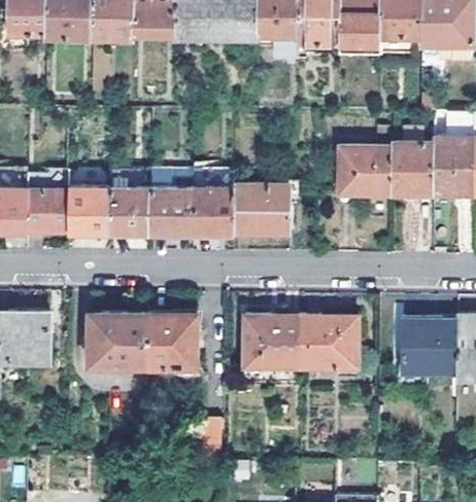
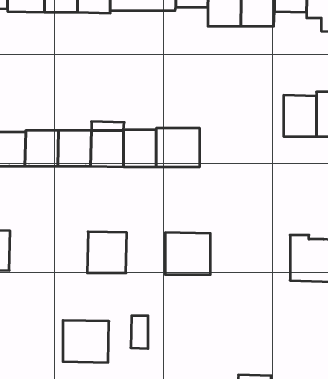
building: [339,147,393,194] -> none
building: [90,313,147,365] -> [63,320,109,362]
building: [301,316,359,379] -> none

